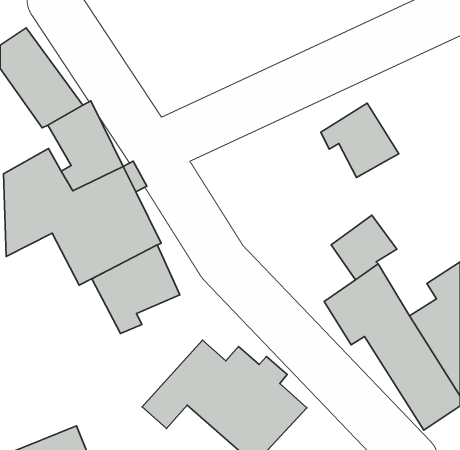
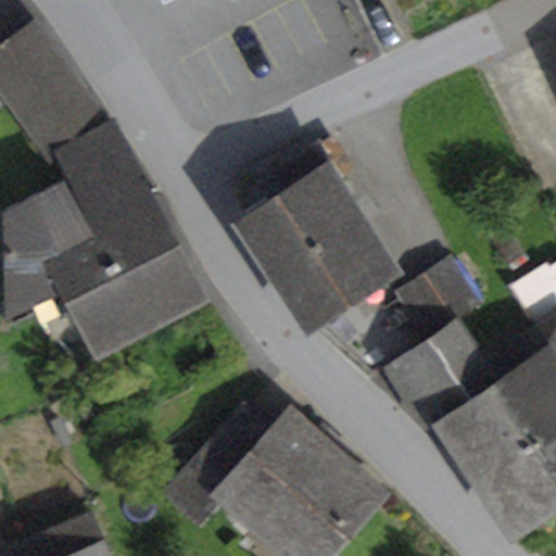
building: [321,103,399,178] -> none
building: none -> [244,150,395,327]
building: [92,245,180,333] -> none

